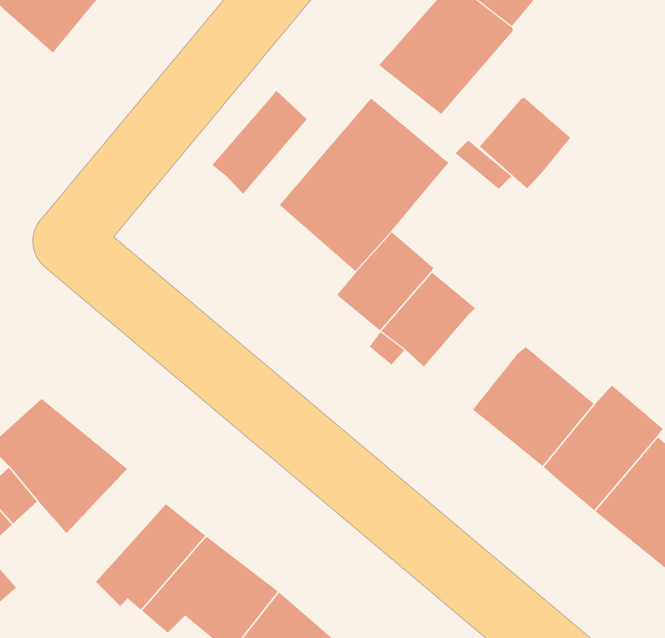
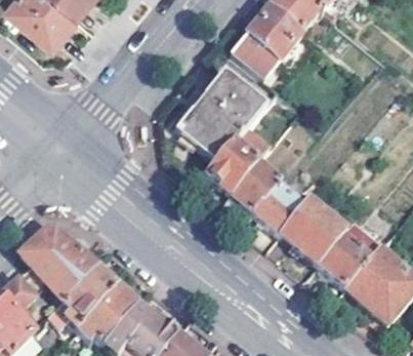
building: [212,90,308,195] -> none
building: [479,97,571,189] -> none
building: none -> [255,182,304,233]
building: none -> [51,265,117,325]

